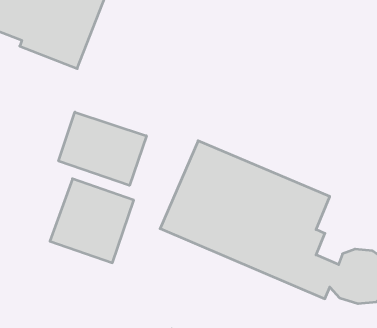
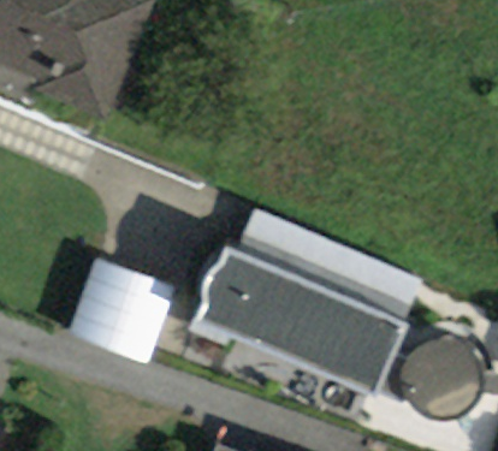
building: [59,112,146,185] -> none

